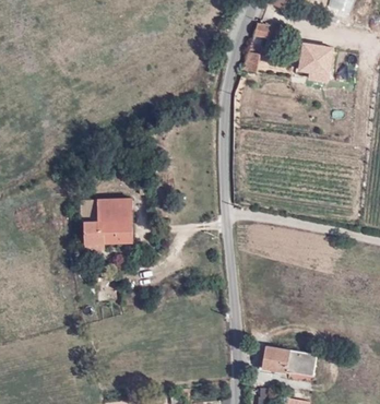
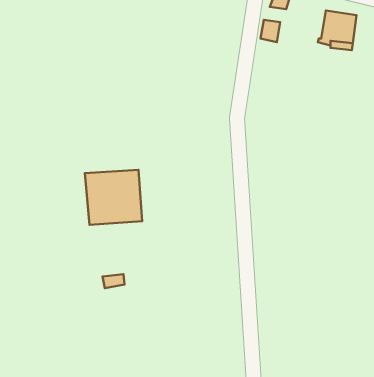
building: [260,344,312,378] -> none

